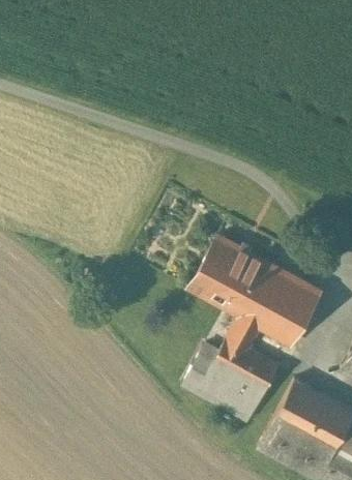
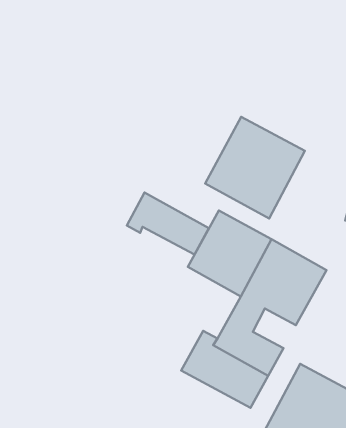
building: none -> [205,117,305,218]
building: none -> [127,192,209,255]

